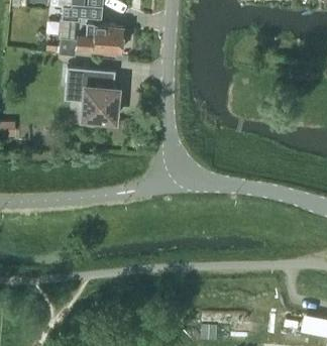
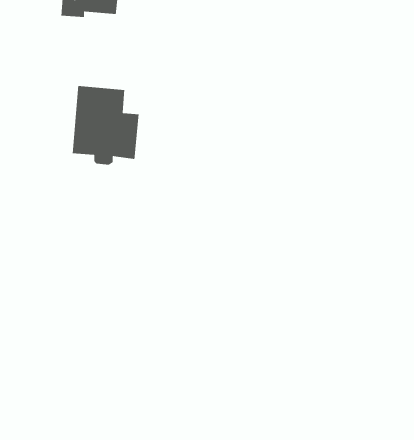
building: [60,23,124,55] -> none

